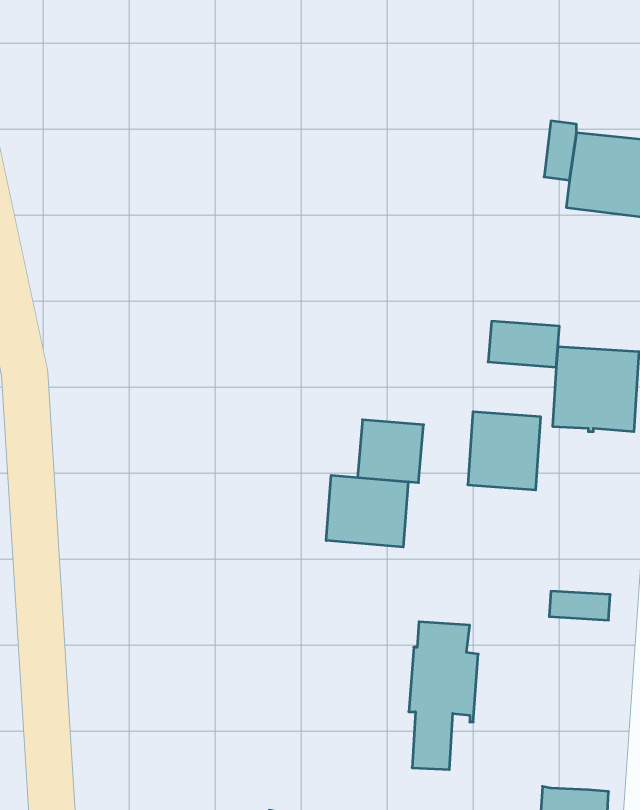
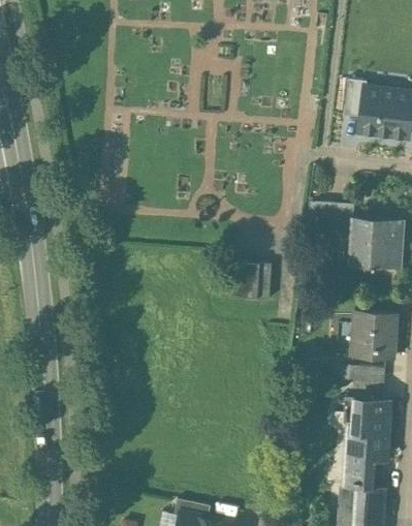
building: [468,412,541,490] -> [351,312,395,360]
building: [326,475,408,547] -> none
building: [409,622,478,770] -> [347,398,389,488]

